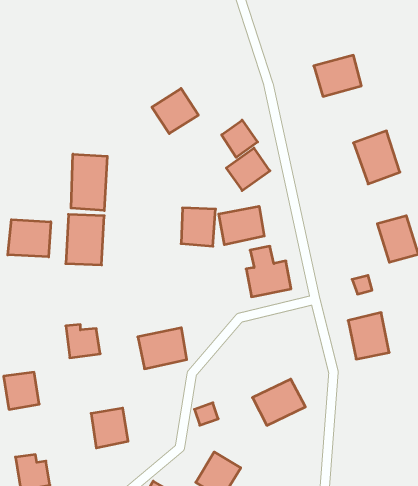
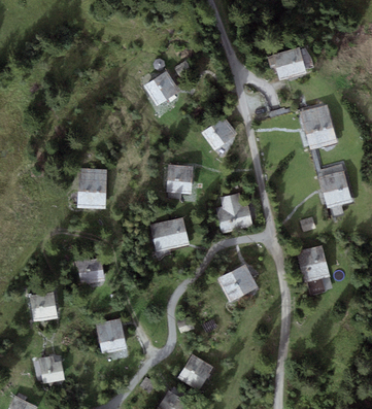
building: [222,120,258,157] -> none
building: [71,154,107,211] -> none
building: [219,206,264,245] -> none
building: [8,220,51,257] -> none
building: [138,328,187,369] -> [150,218,189,250]
building: [252,379,305,425] -> [216,265,258,301]

